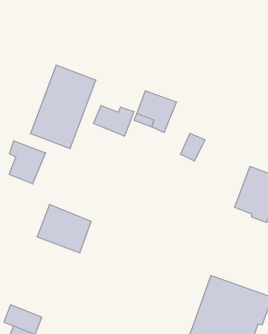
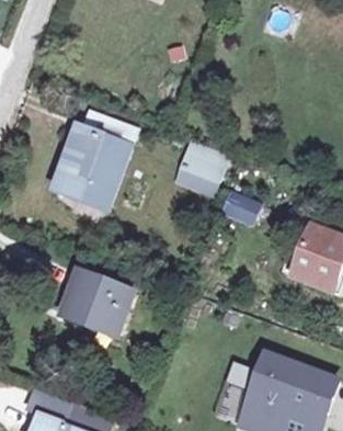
building: [94,105,134,136] -> none
building: [9,141,46,184] -> none

